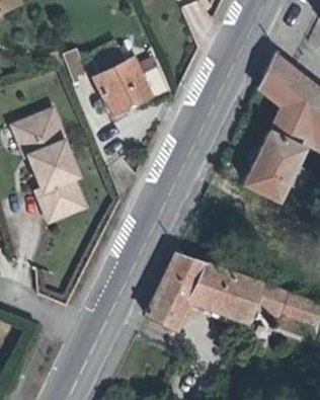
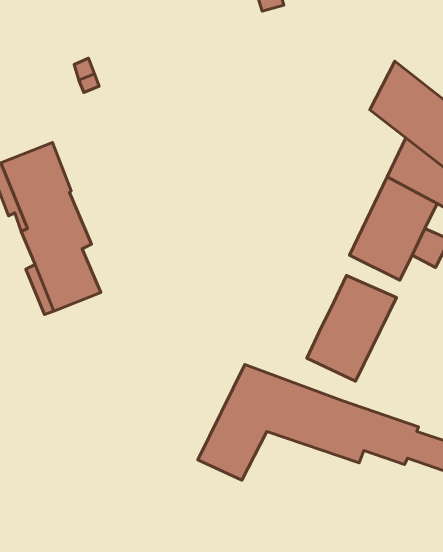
building: [93,59,168,112] -> none
building: none -> [307,276,397,381]

